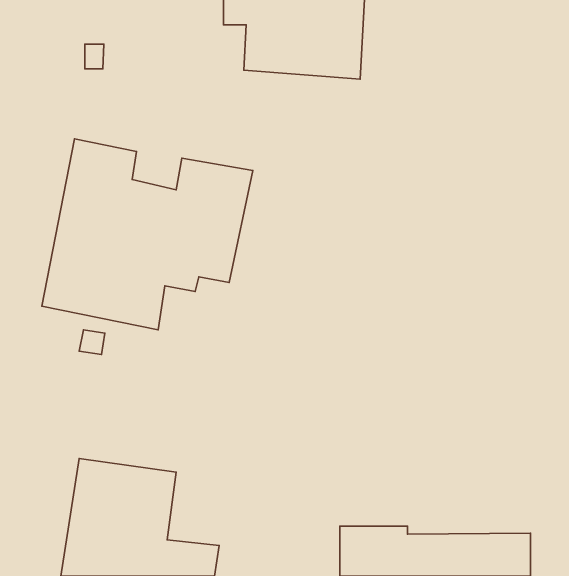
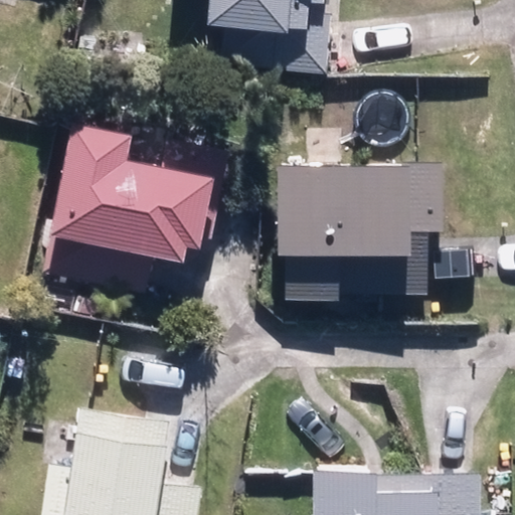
building: none -> [280,167,430,298]

